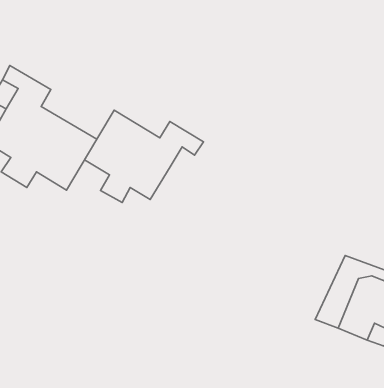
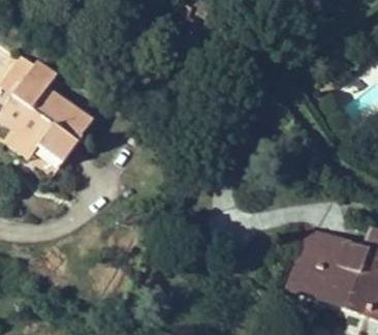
building: [85,110,204,203] -> none

